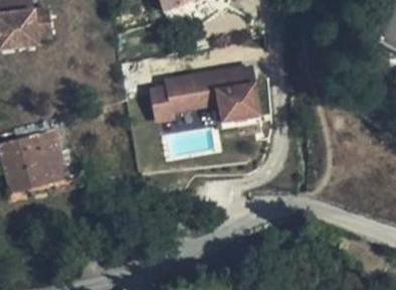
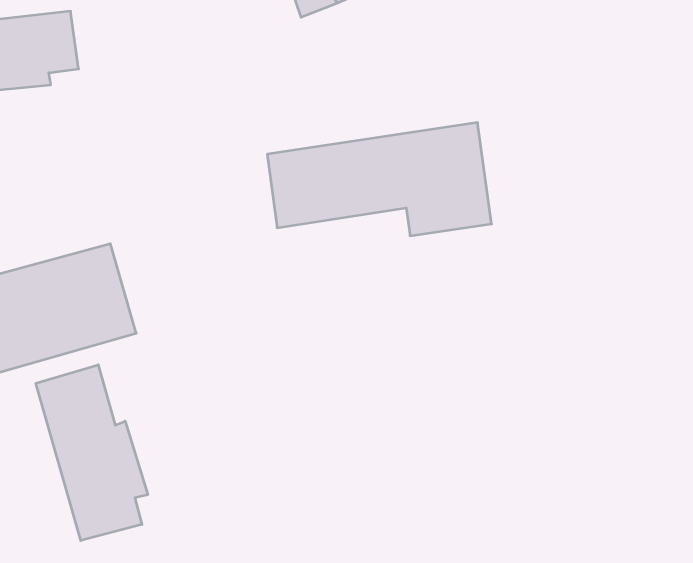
building: none -> [36,365,148,541]

